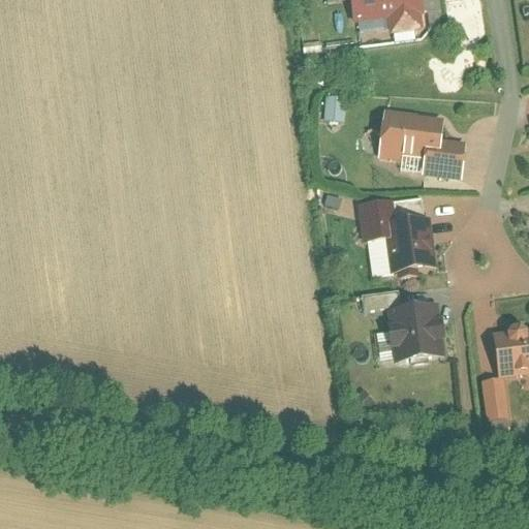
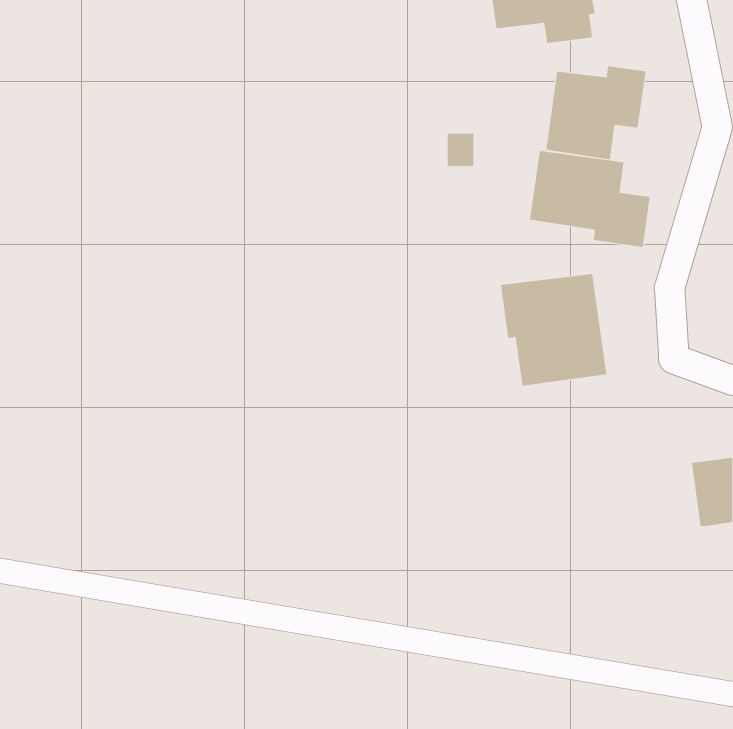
building: none -> [546,65,646,160]
building: [388,301,448,364] -> none
building: [480,376,512,436] -> none

